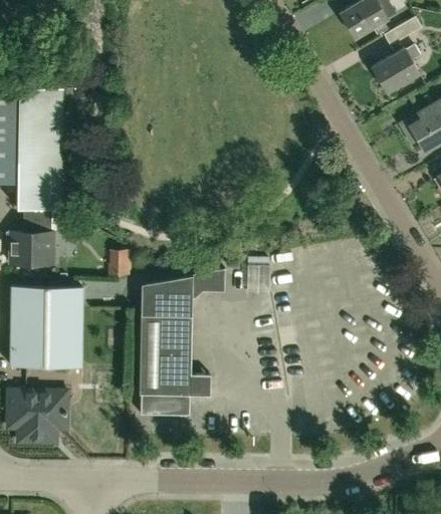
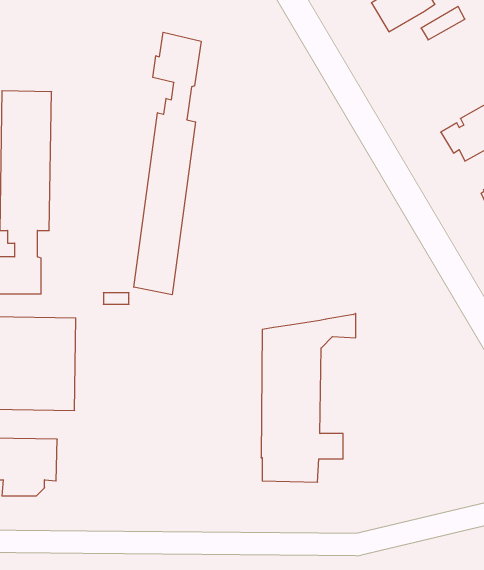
building: none -> [134,32,201,295]
building: [372,45,419,91] -> none
building: [139,269,221,416] -> [261,313,356,482]

